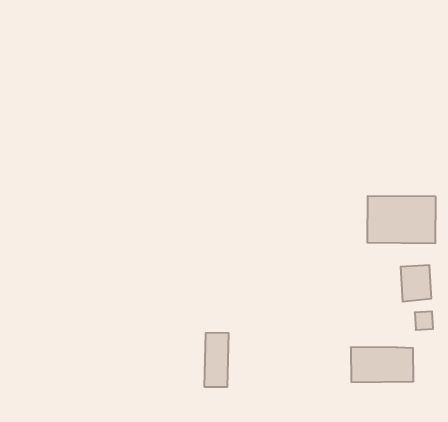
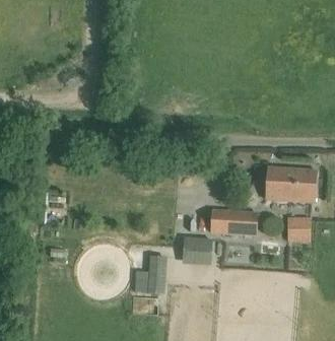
building: none -> [184,238,213,266]
building: [351,347,414,382] -> [211,208,256,234]

